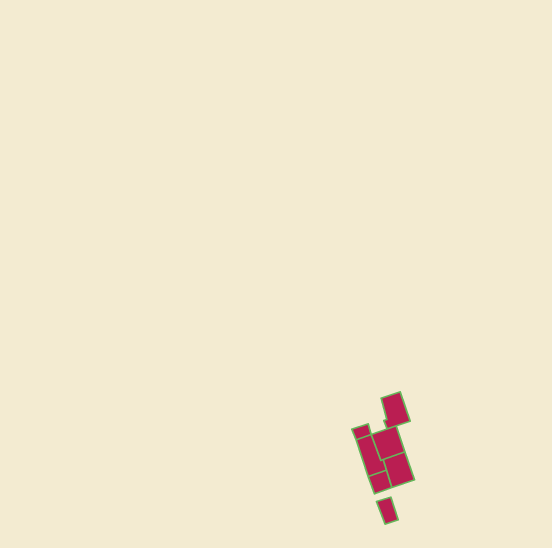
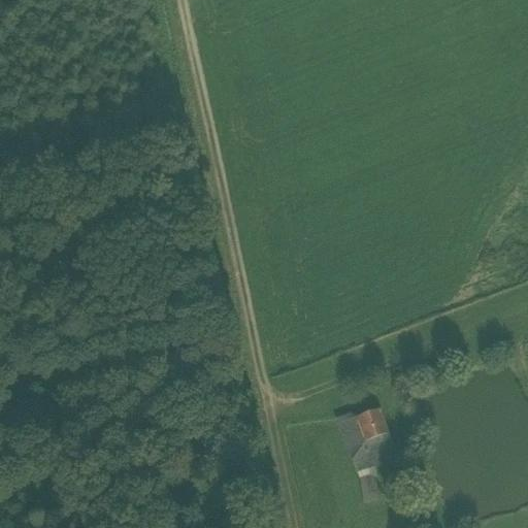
building: [381,392,410,429] -> none

